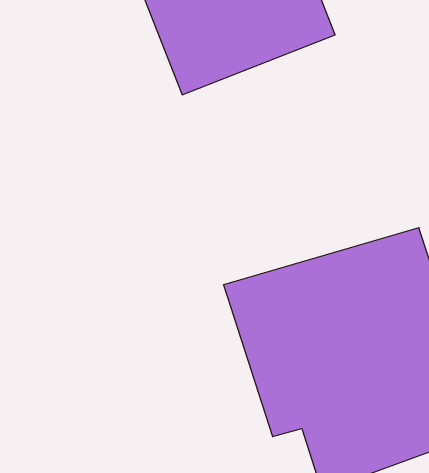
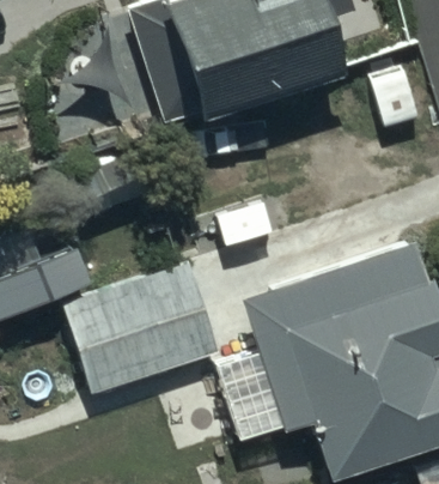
building: none -> [62,262,218,395]

